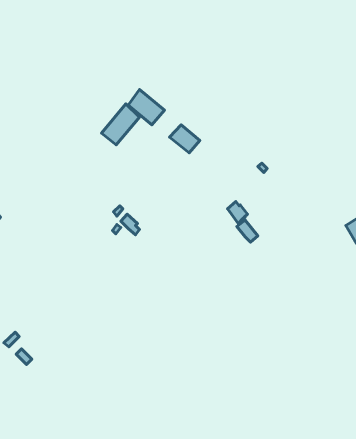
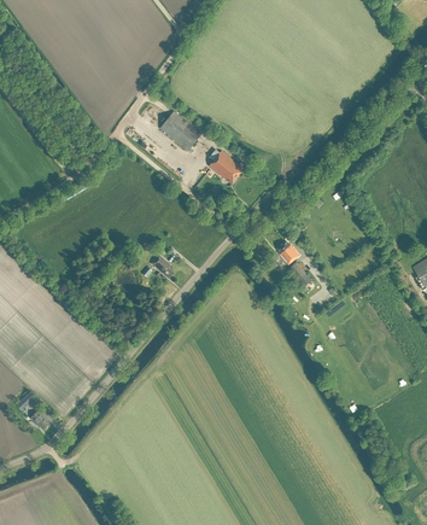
building: [102,104,140,145] -> none

